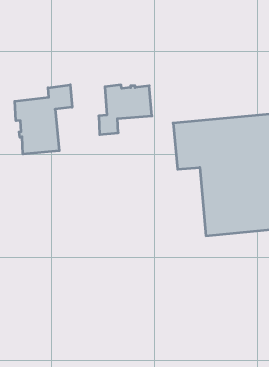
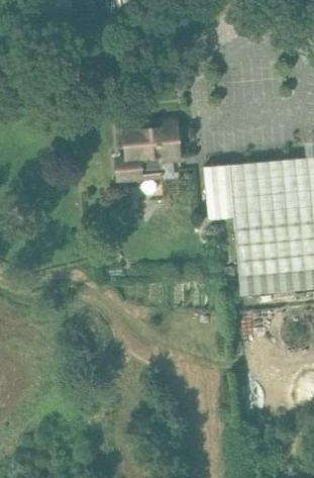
building: [15,85,72,154] -> none

